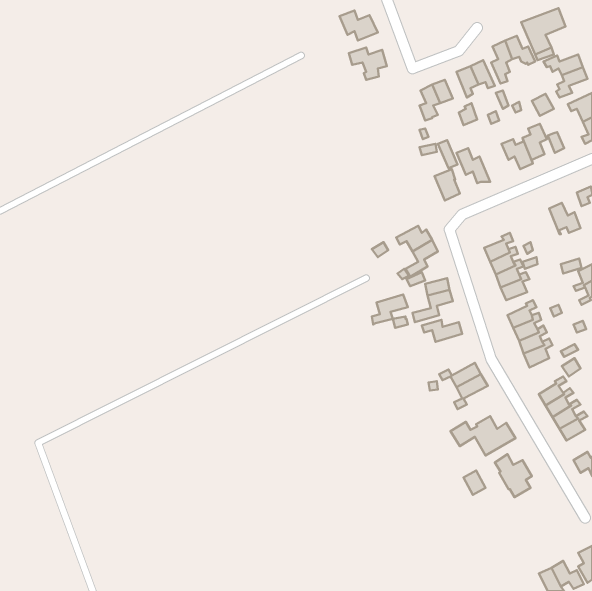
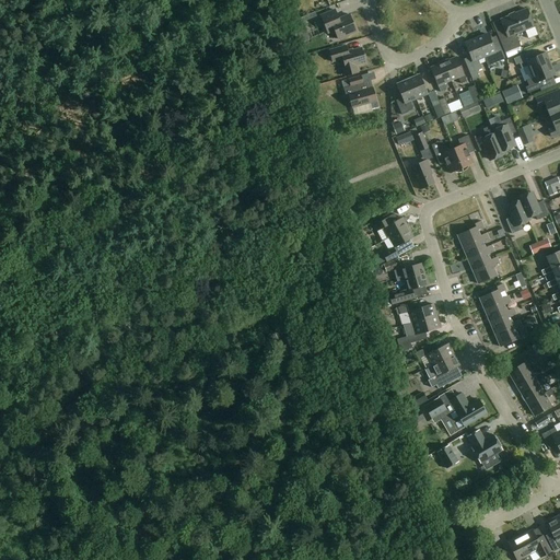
building: none -> [342,75,378,108]
building: none -> [453,135,475,172]
building: none -> [506,197,528,233]
building: [372,294,408,324] -> [407,315,441,343]

